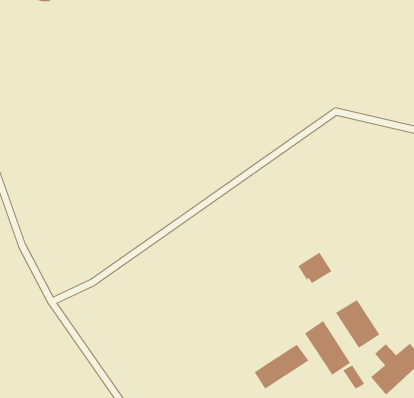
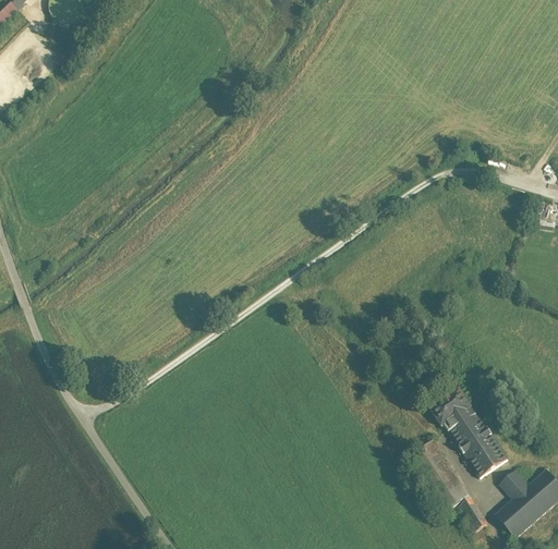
building: [297,252,333,284] -> [430,388,476,429]
building: [254,343,309,389] -> none

